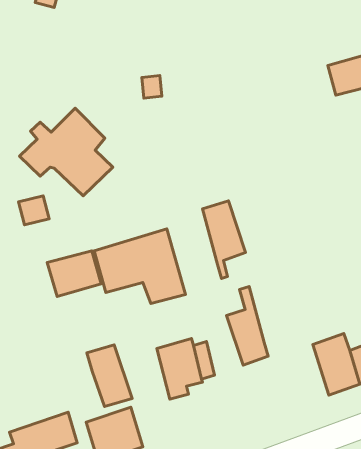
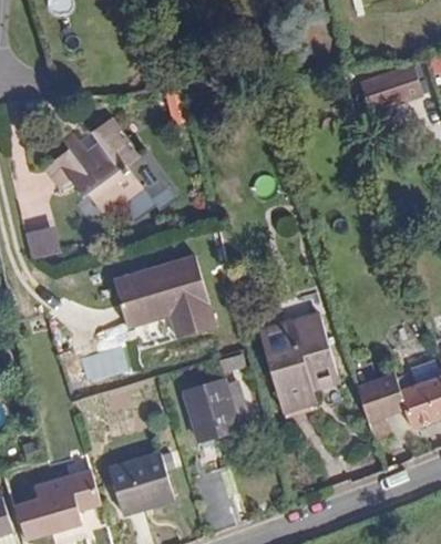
building: [203,201,245,278] -> [288,312,336,399]
building: [47,251,101,296] -> none
building: [87,345,132,406] -> none

